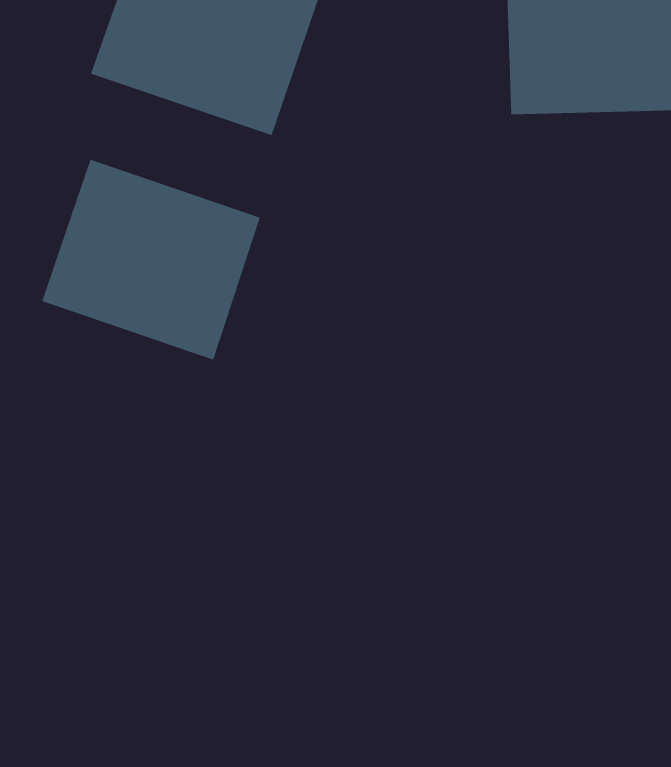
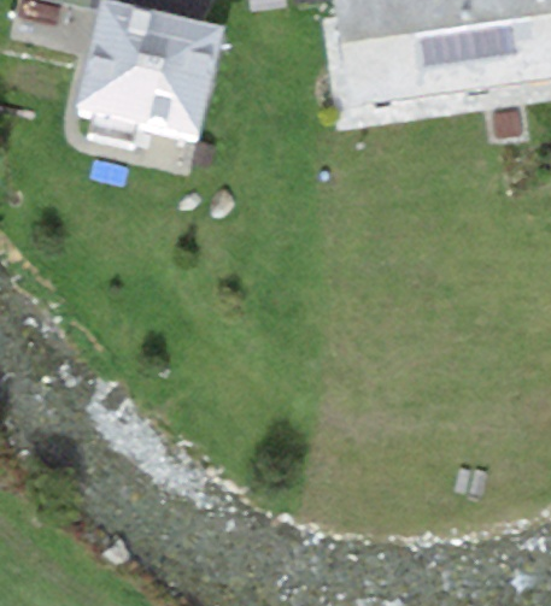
building: [42,159,261,361] -> none

